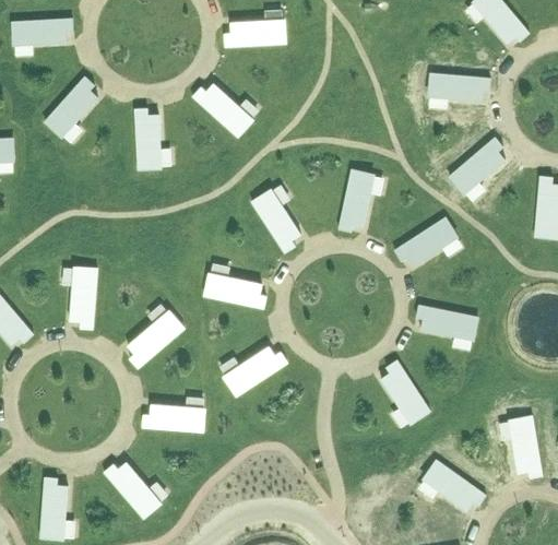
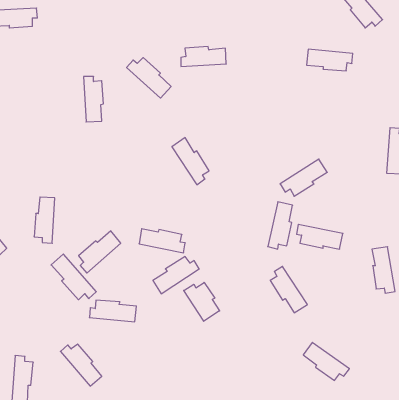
building: [225,21,285,47] -> [181,47,226,66]
building: [44,76,97,135] -> none
building: [449,139,506,192] -> none
building: [339,169,371,232] -> [268,202,293,249]
building: [204,277,265,309] -> [139,229,185,253]
building: none -> [51,254,96,300]
building: none -> [184,282,220,321]
building: [512,416,543,477] -> [372,247,395,293]

